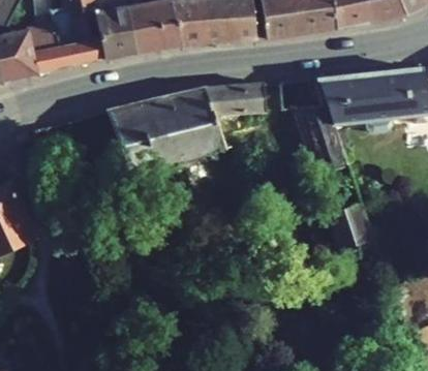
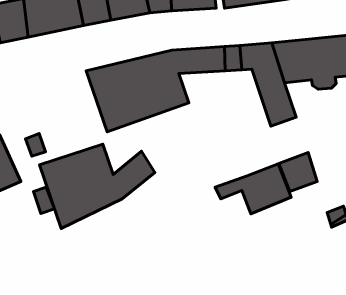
building: none -> [39,144,155,229]
building: none -> [215,164,291,214]

